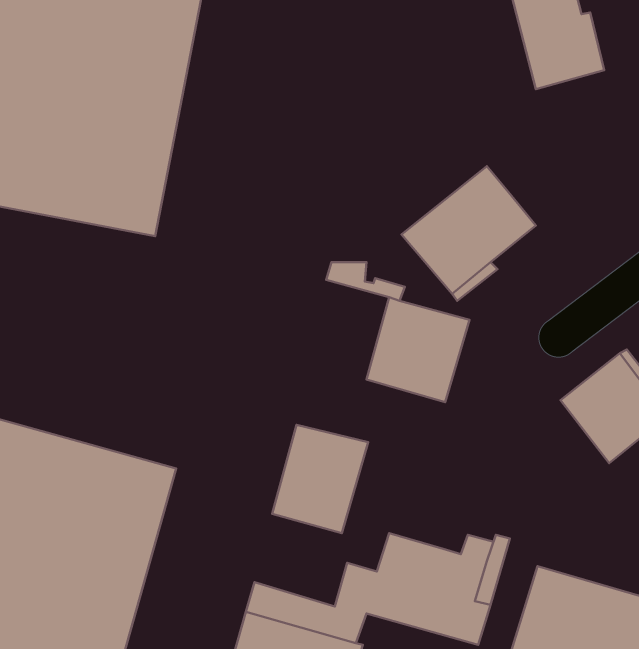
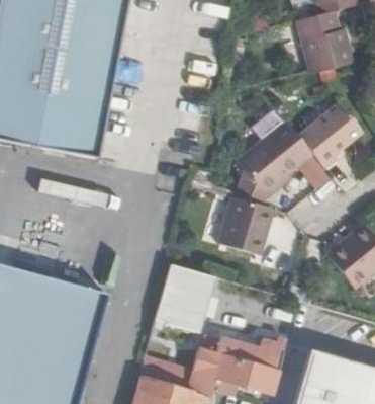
building: none -> [297,102,362,169]

